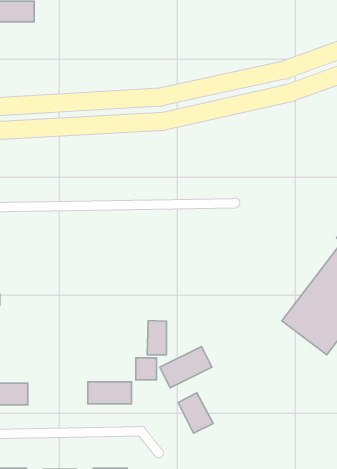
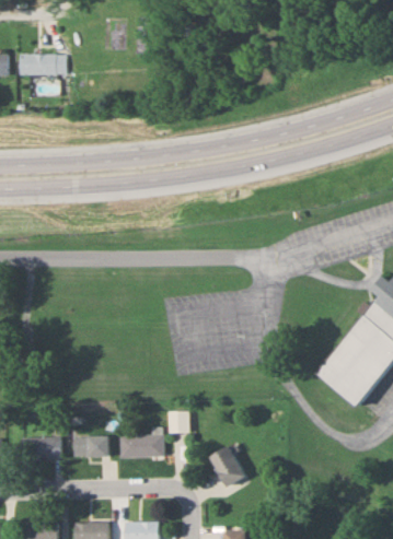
building: [147,321,167,355] -> none
building: [160,346,212,388] -> none
building: none -> [72,436,107,456]

